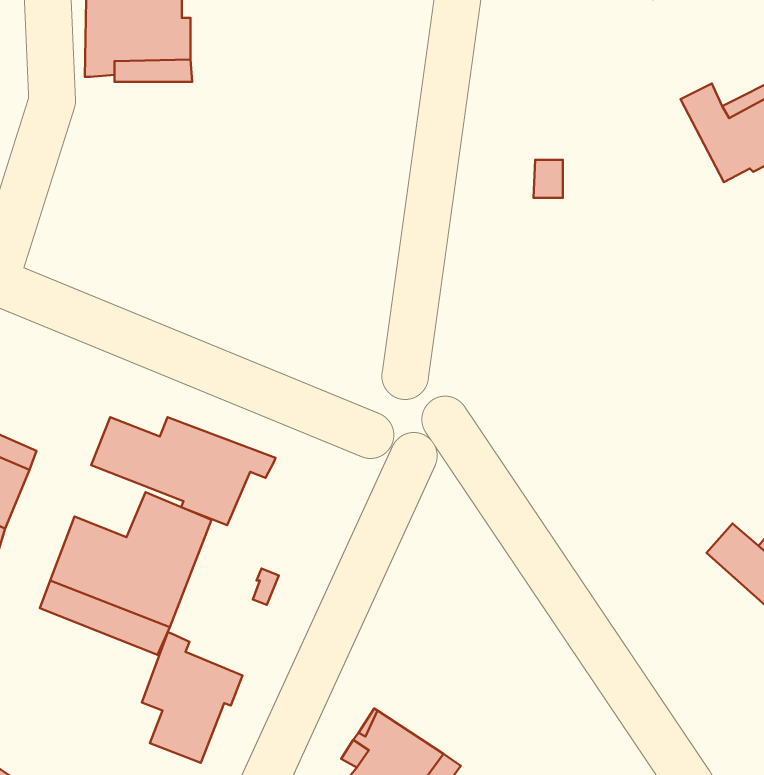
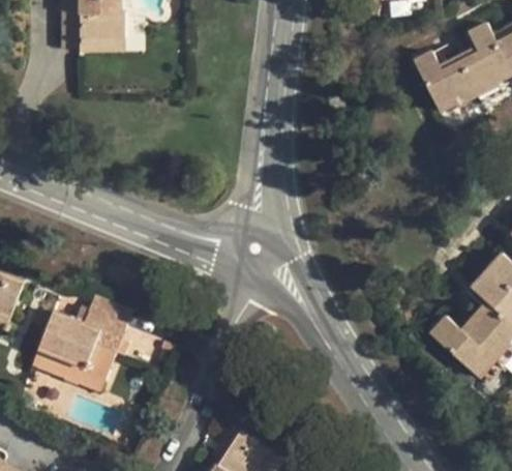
building: [91,417,276,525] -> none
building: [142,632,242,763] -> none

